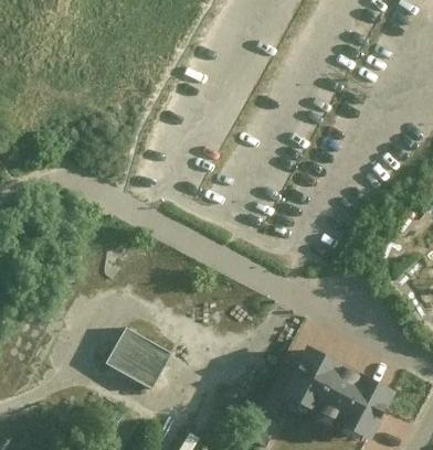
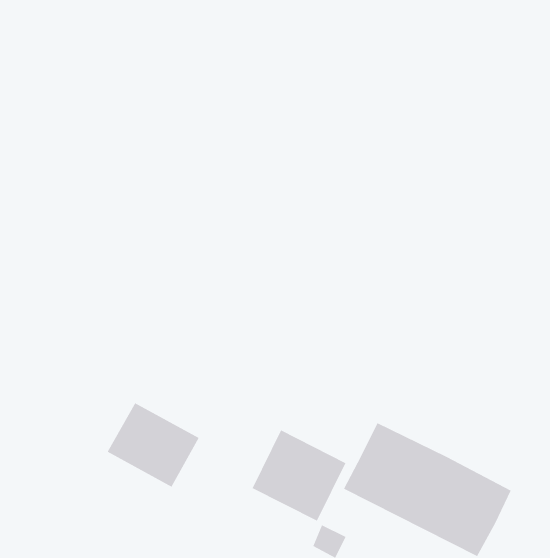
building: none -> [252,430,346,521]

